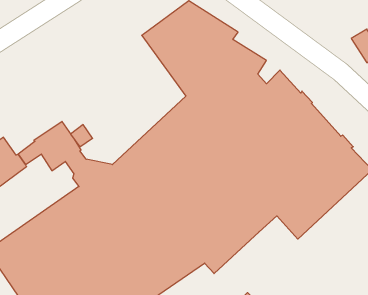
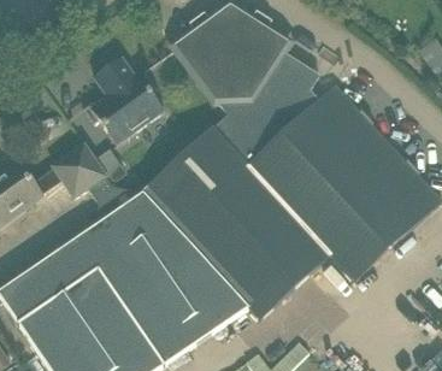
building: none -> [83,57,164,143]

